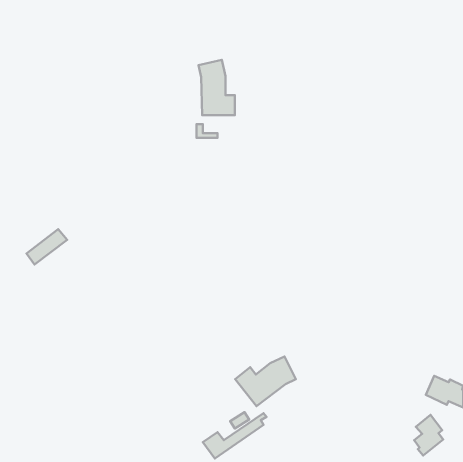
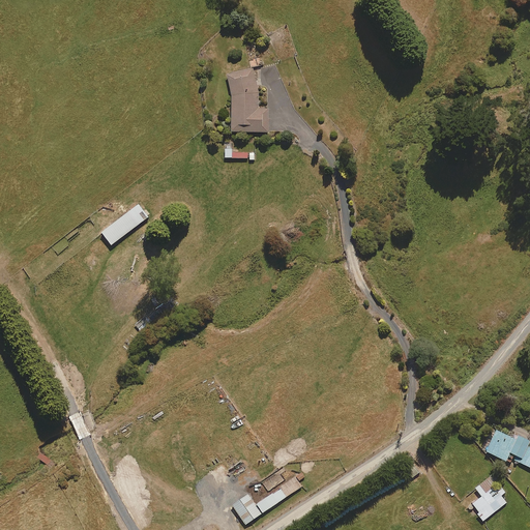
building: [26,229,67,264] -> [101,204,148,244]
building: [235,356,296,406] -> none

